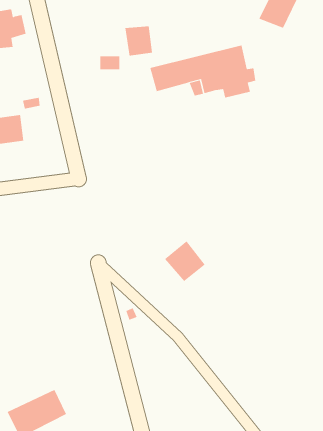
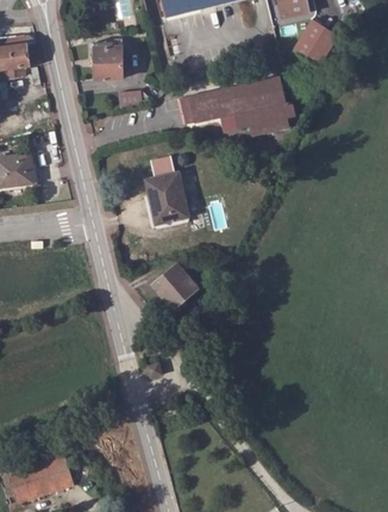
building: [125,26,153,56] -> [86,52,117,86]
building: none -> [146,168,186,219]
building: [164,241,206,282] -> [152,261,198,306]

